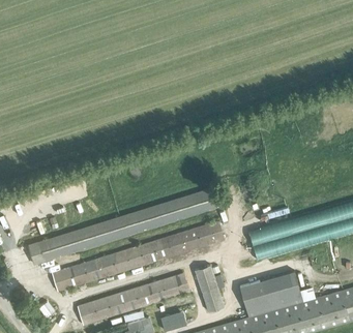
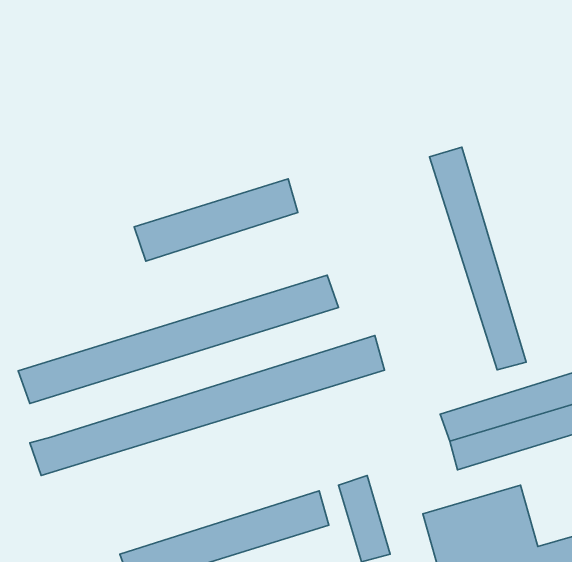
building: none -> [430,147,526,370]
building: none -> [134,179,298,261]
building: [51,220,224,290] -> [18,275,339,403]

